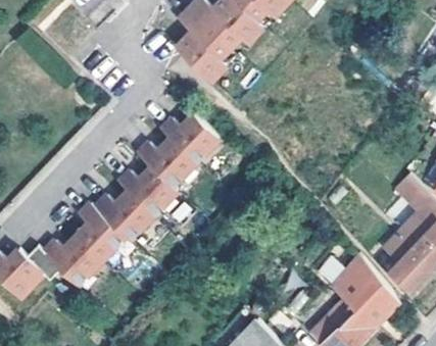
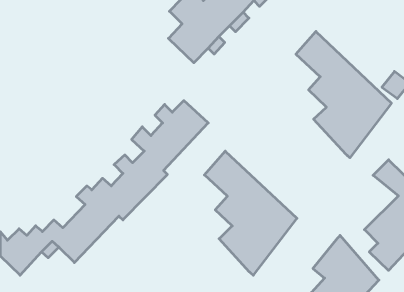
building: none -> [296,31,391,158]
building: none -> [204,151,297,275]

